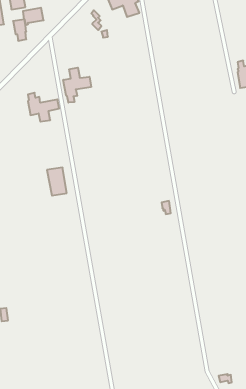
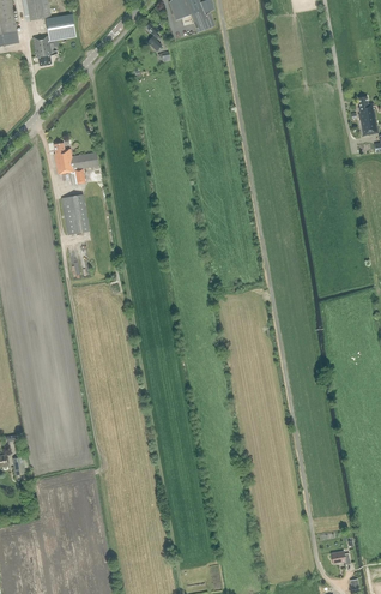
building: [63,68,91,103] -> none
building: [47,168,67,196] -> [60,193,89,234]

